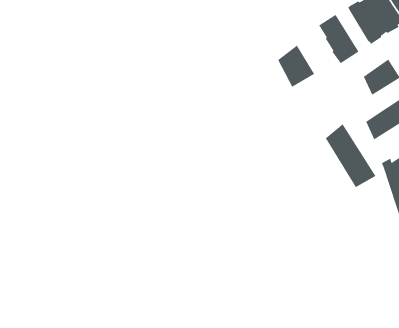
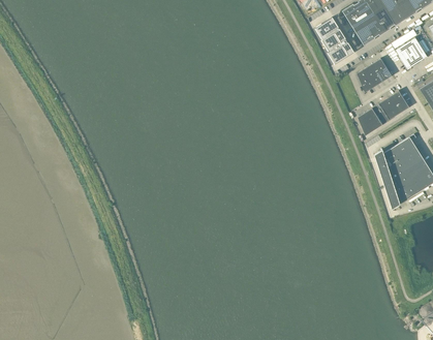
building: [277,45,315,88] -> none
building: [325,123,376,188] -> none

